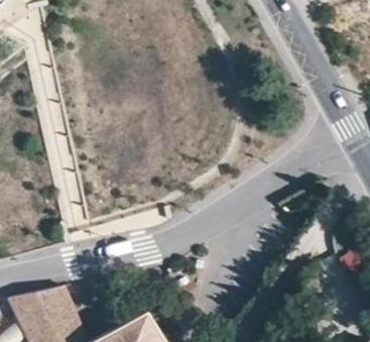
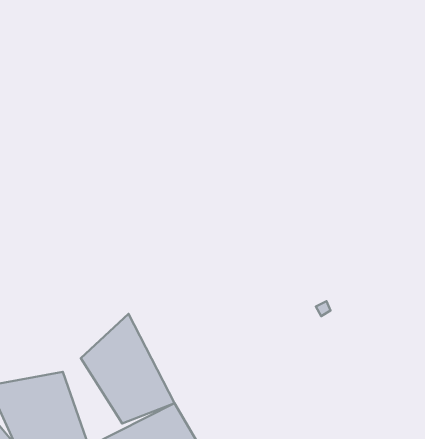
building: none -> [81,314,174,424]

